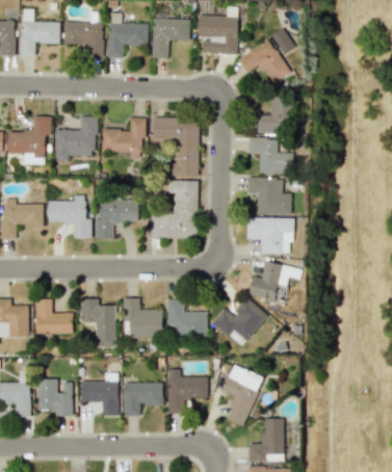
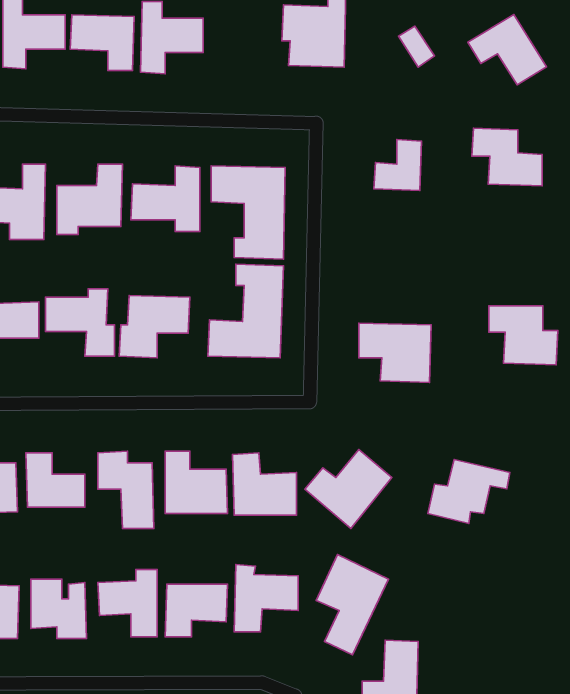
building: [151,18,189,58] -> none
building: [239,38,289,83] -> [468,14,547,85]
building: [246,136,291,173] -> [472,128,542,186]
building: [246,177,290,214] -> [489,306,558,365]
building: [247,260,299,300] -> [428,459,510,523]

